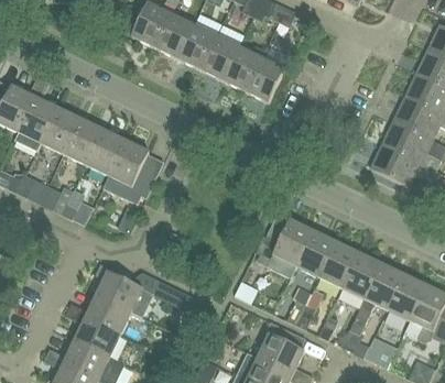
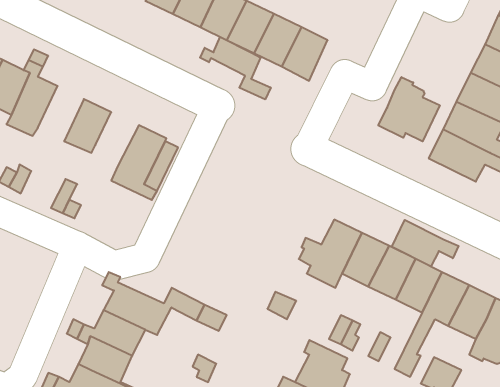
building: none -> [200,37,271,99]
building: none -> [378,77,440,141]
building: [41,107,79,153] -> none
building: [86,129,126,174] -> none
building: none -> [392,220,459,267]

